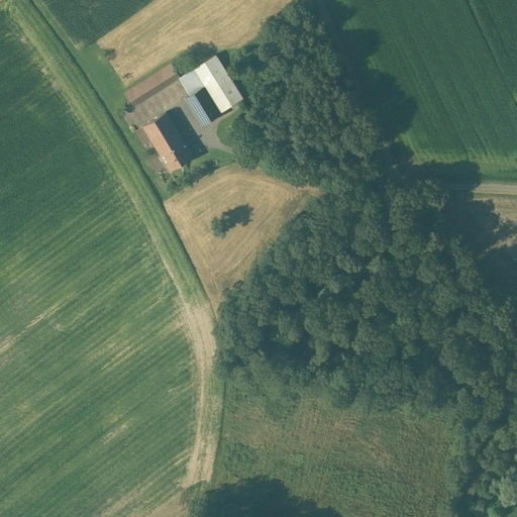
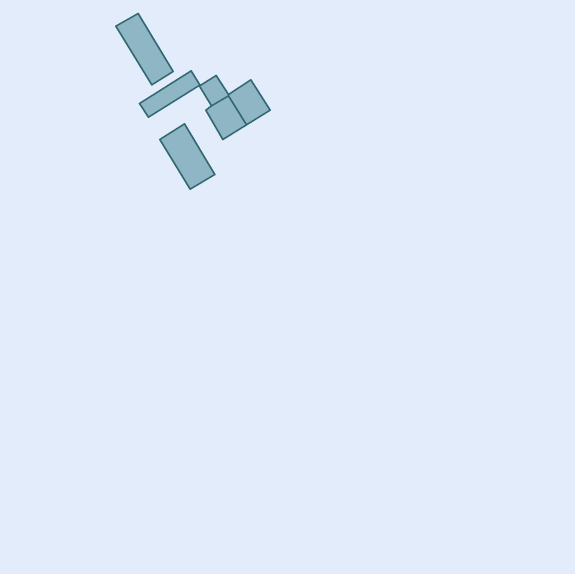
building: none -> [116,14,173,85]
building: [194,56,225,86] -> none

